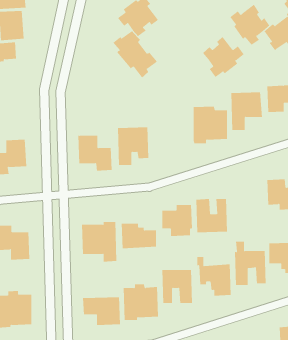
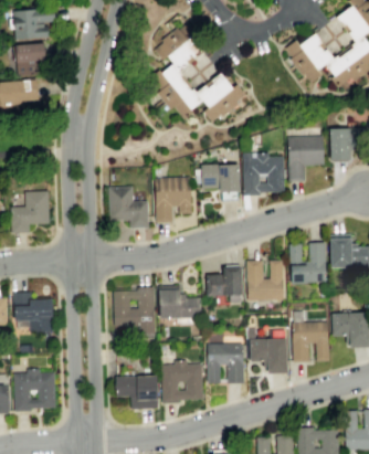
building: [202,36,245,78] -> [196,73,245,122]
building: none -> [201,163,240,192]
building: none -> [289,242,326,285]

